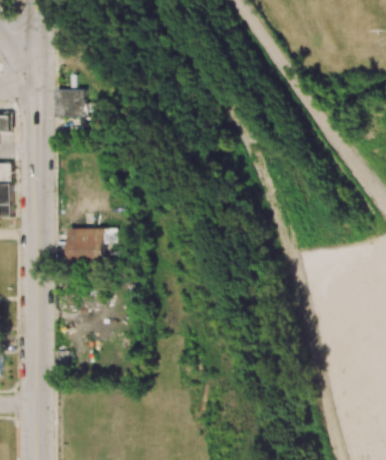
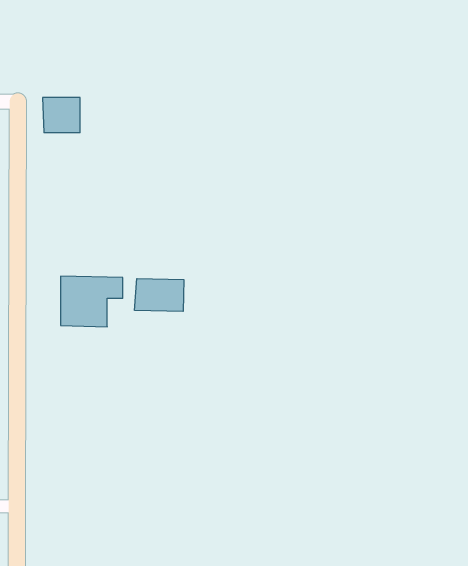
building: none -> [135,279,184,311]

